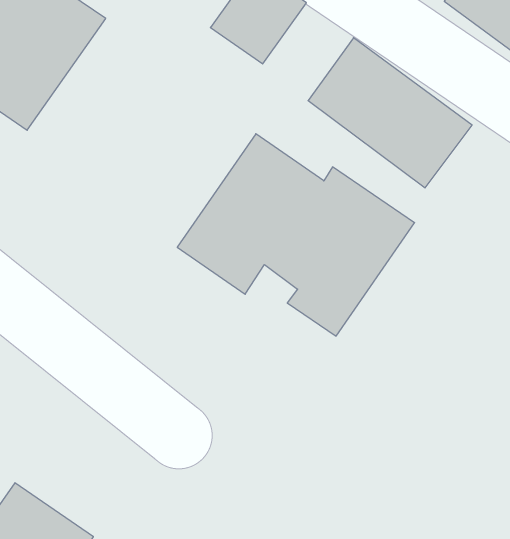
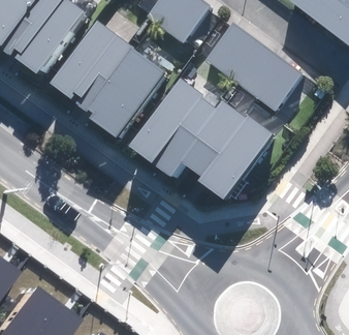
building: none -> [51,23,159,130]

